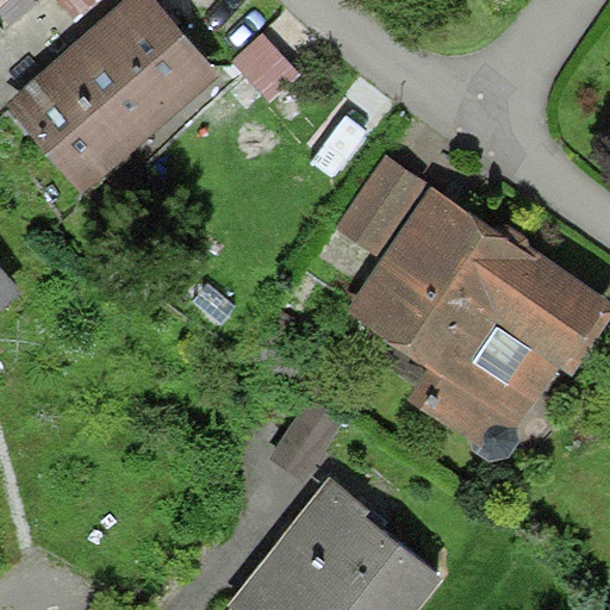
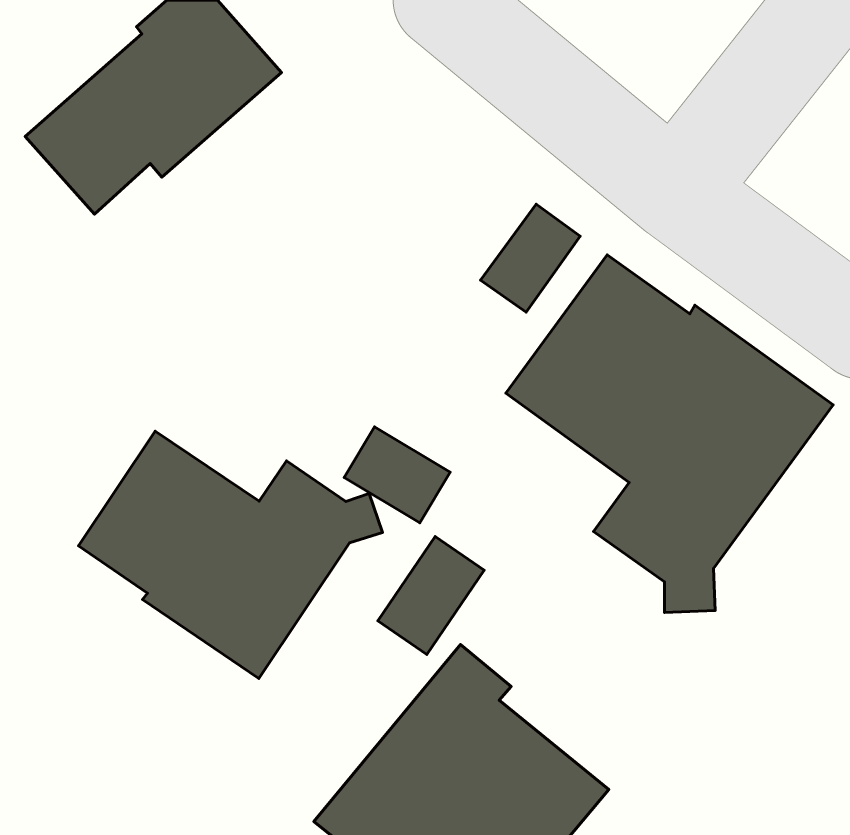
building: none -> [78,431,382,679]

